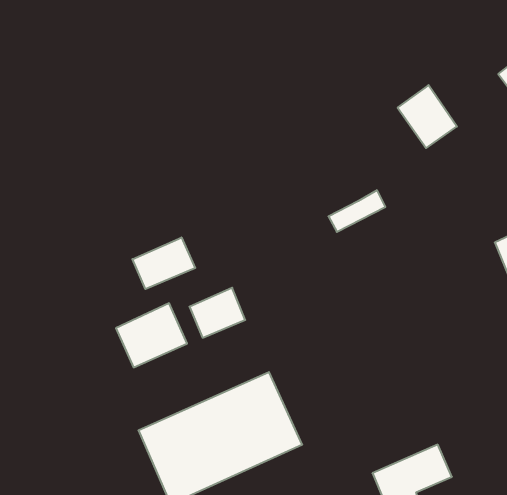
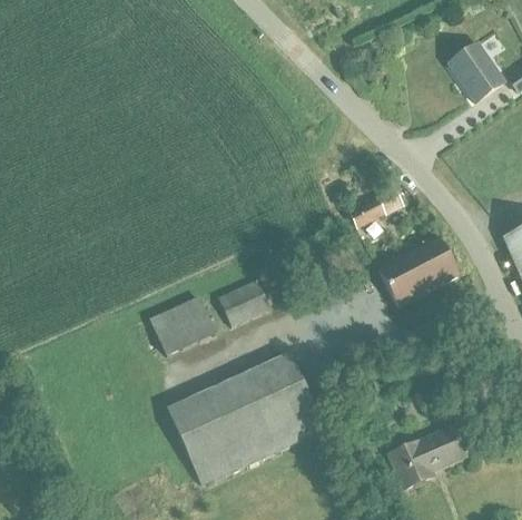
building: [398,85,457,148] -> [449,42,504,101]
building: [132,237,195,289] -> none
building: none -> [378,236,457,305]

